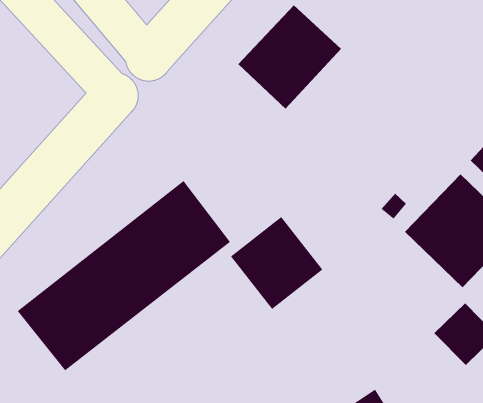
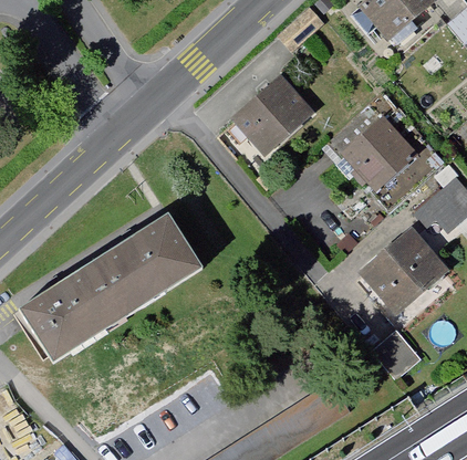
building: none -> [336,118,416,197]
building: [230,216,323,310] -> none

